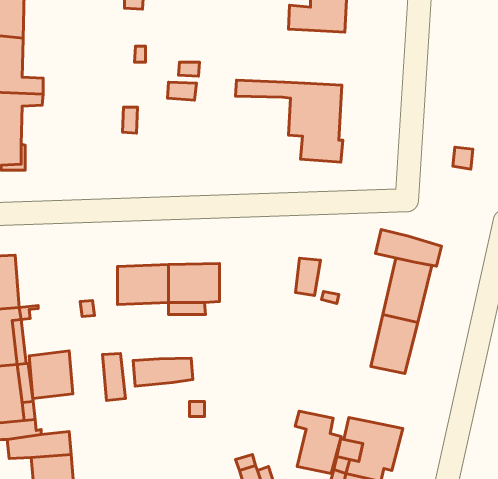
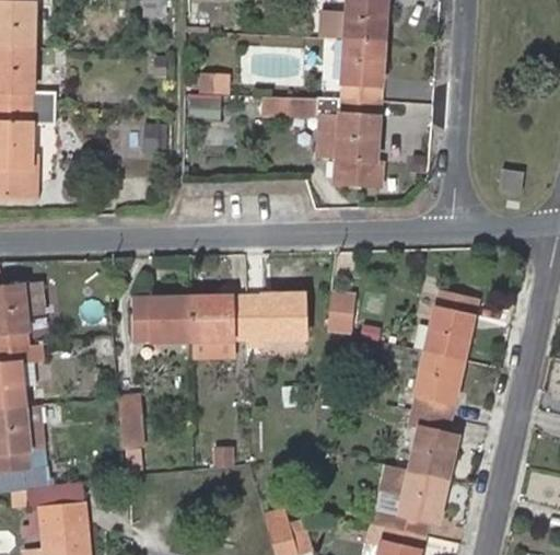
building: none -> [340,42,384,102]
building: [375,229,442,266] -> none
building: none -> [247,297,306,338]
building: [29,351,73,398] -> none
building: [133,358,193,386] -> none
building: [295,411,341,473] -> [408,409,458,477]

